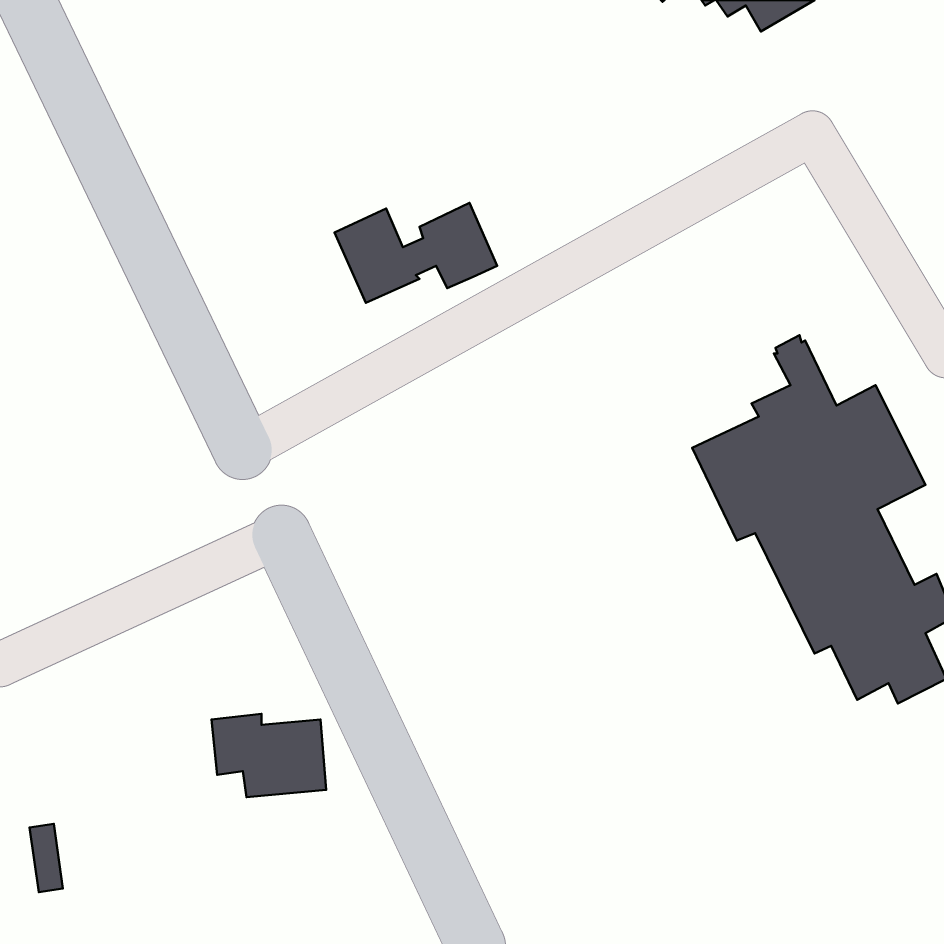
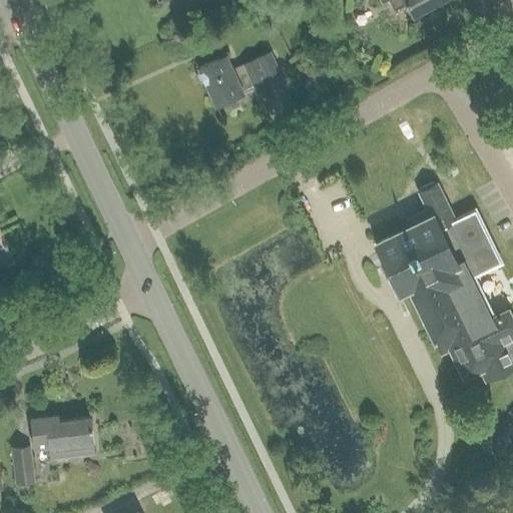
building: [334,203,497,303] -> [198,52,287,106]
building: [211,714,326,797] -> [32,417,94,462]

